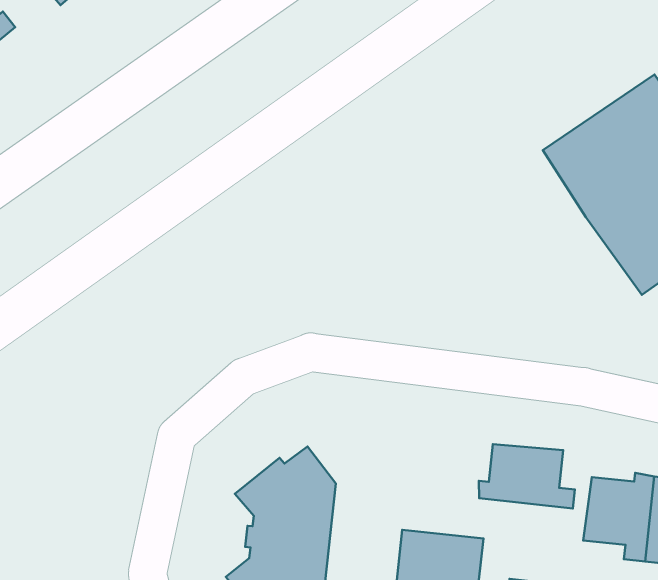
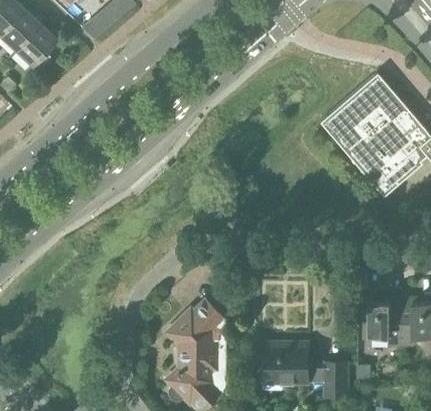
building: [479,444,575,508] -> none

